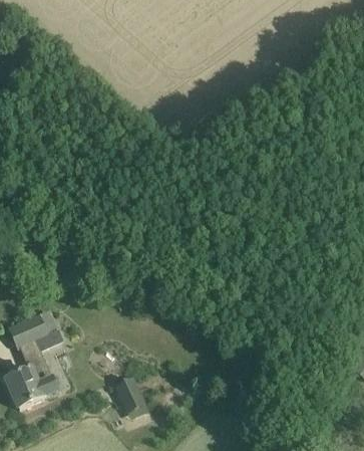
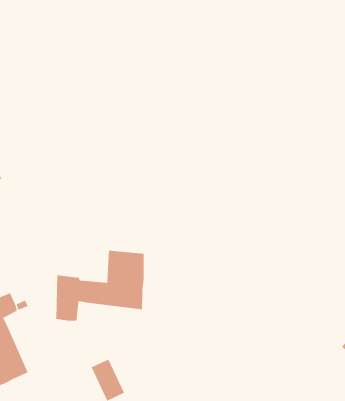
building: none -> [56,250,144,321]

